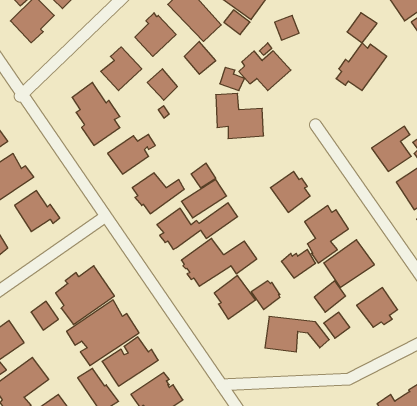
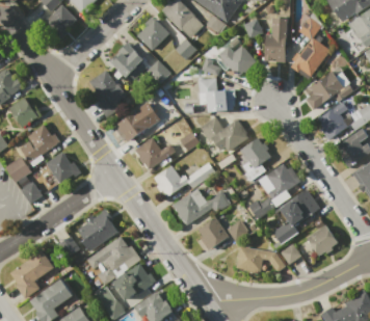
building: none -> [265,18,287,62]
building: none -> [306,71,344,109]
building: none -> [200,116,250,152]

